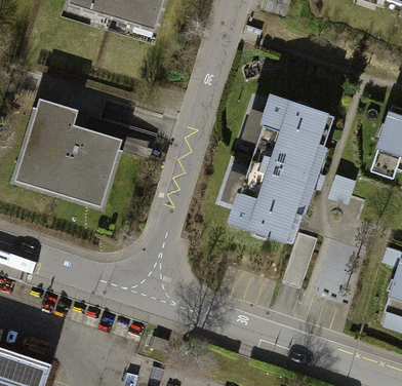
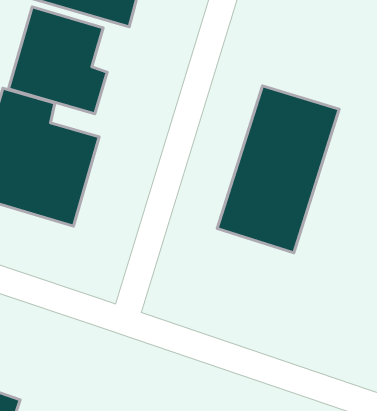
building: none -> [9,7,107,114]

